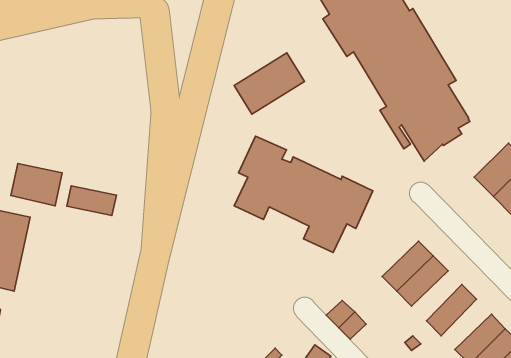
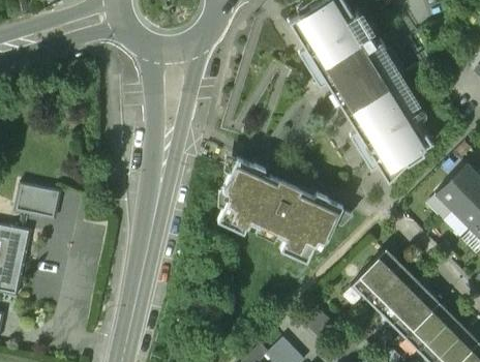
building: [234,53,304,114] -> none
building: [67,186,116,215] -> none
building: none -> [379,278,424,324]
building: none -> [406,304,451,350]

